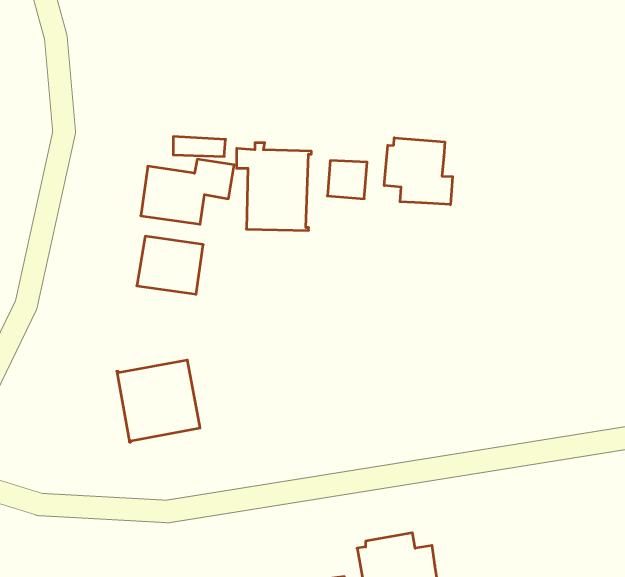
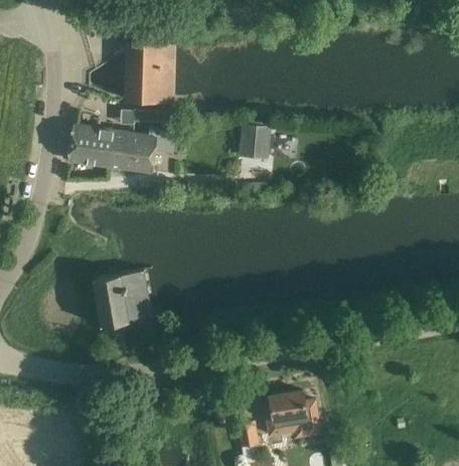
building: [384,138,453,205] -> none
building: [237,143,311,230] -> [119,39,172,102]
building: [137,236,203,294] -> [67,126,115,167]

